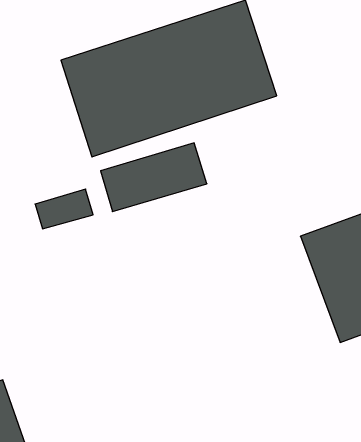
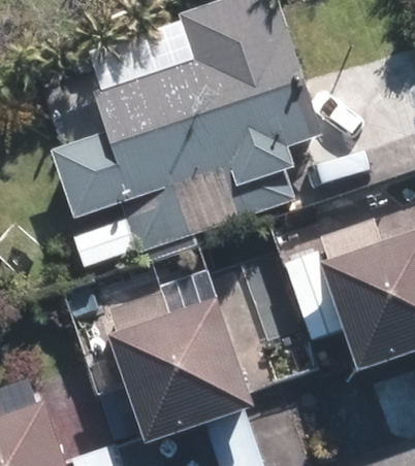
building: none -> [114,301,245,435]

